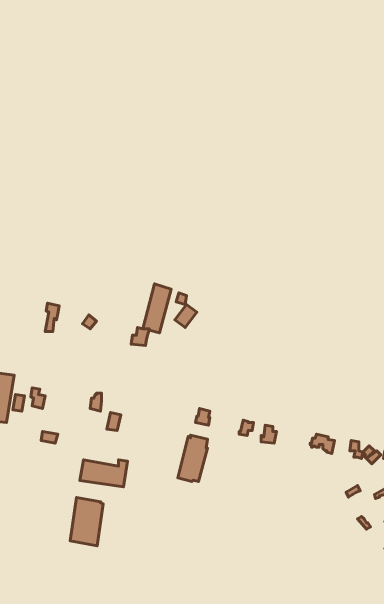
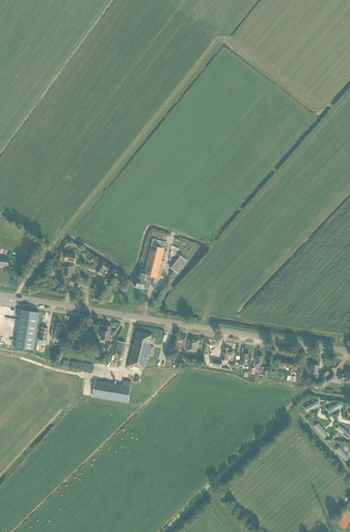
building: [178,435,207,482] -> [128,330,152,368]
building: [70,498,103,546] -> none

